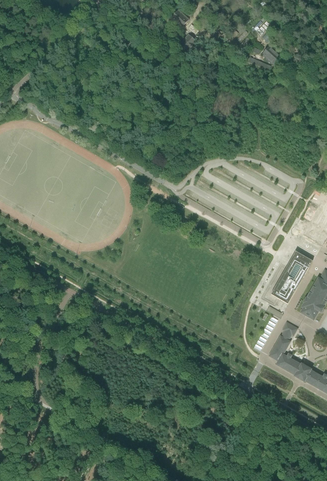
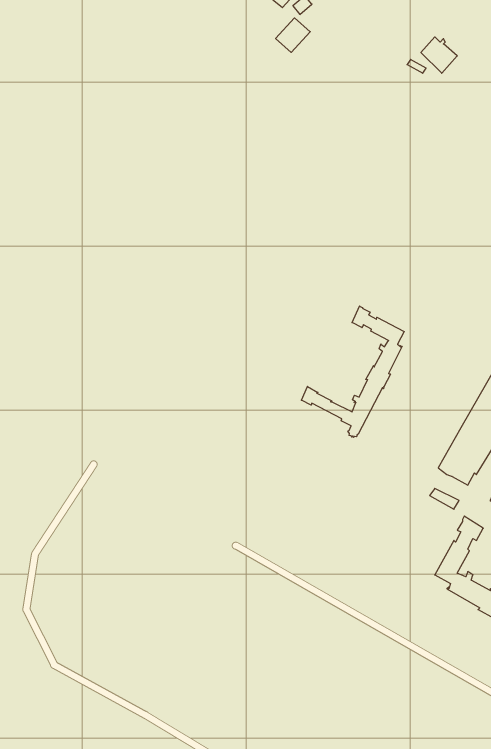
building: none -> [301,306,404,437]

